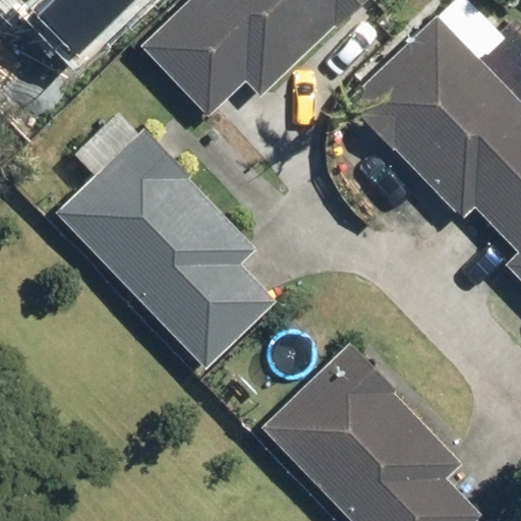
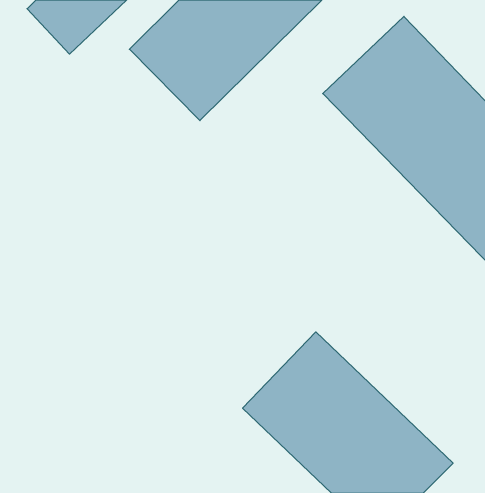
building: [61,142,271,358] -> none

